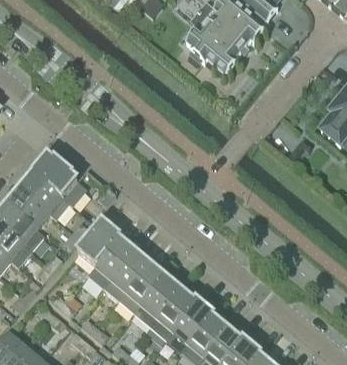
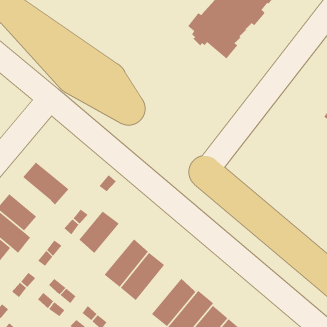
building: [35,154,88,204] -> none
building: [10,188,51,227] -> none
building: [89,234,134,285] -> none
building: [136,275,181,324] -> none

